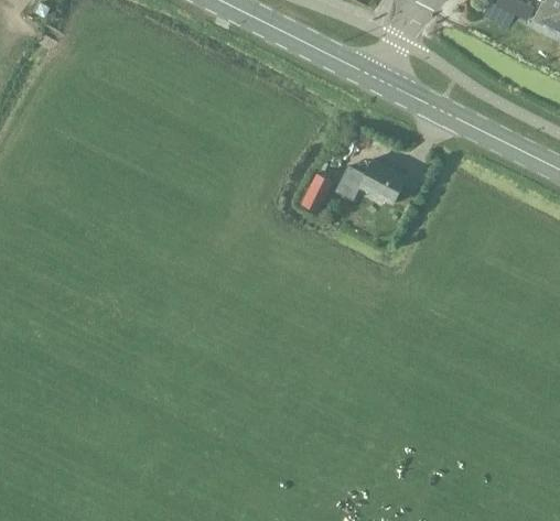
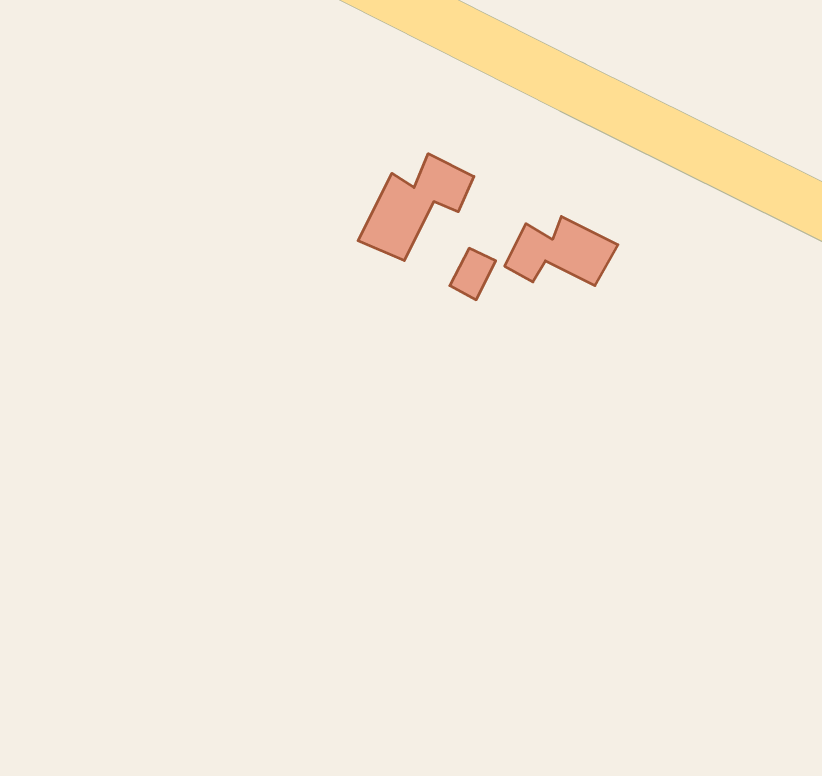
building: none -> [358,154,474,261]

